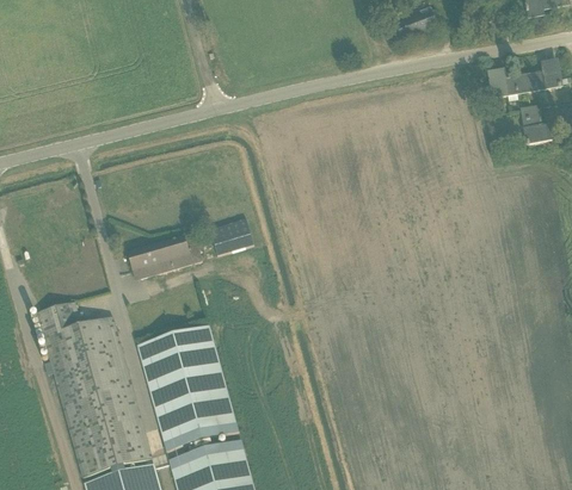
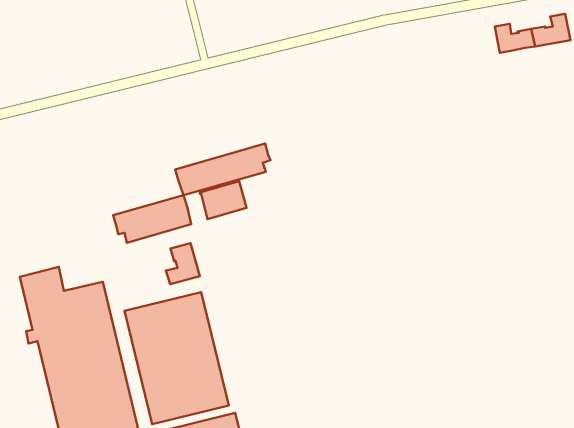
building: [517,106,551,143] -> none
building: none -> [175,144,270,195]
building: none -> [166,243,200,284]

